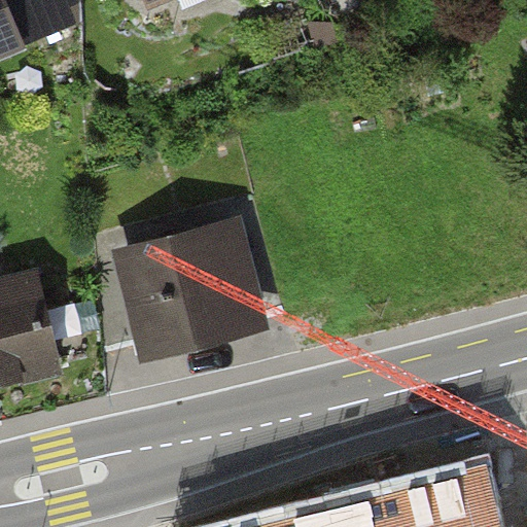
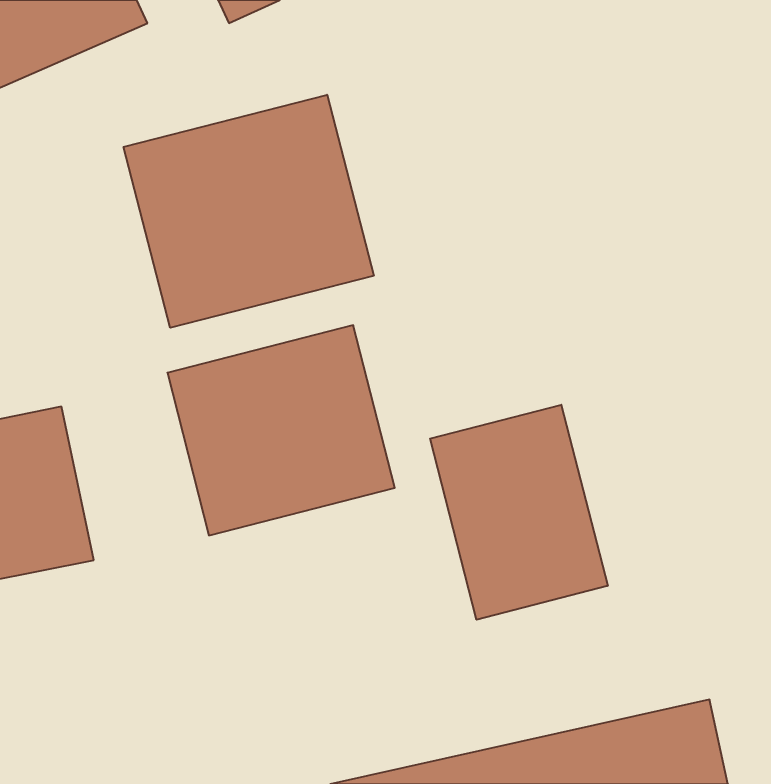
building: none -> [124,95,374,328]
building: none -> [430,405,608,620]

